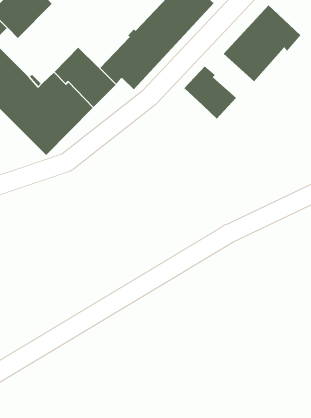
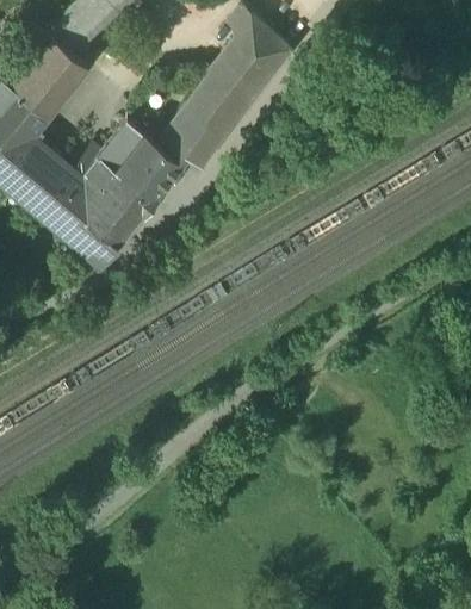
building: [223,5,301,82] -> none
building: [183,65,237,119] -> none

